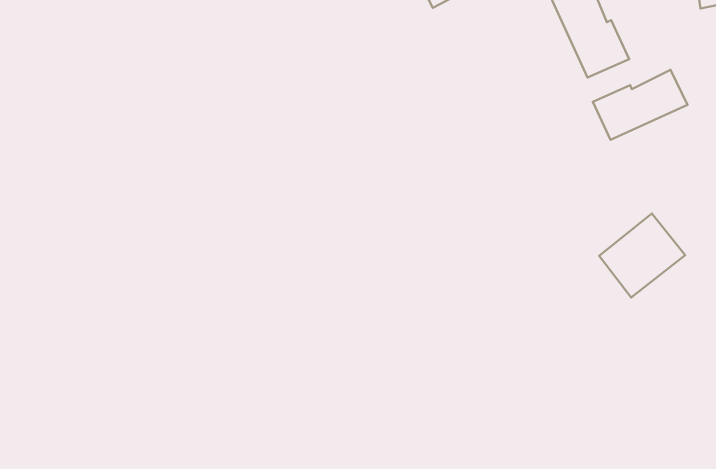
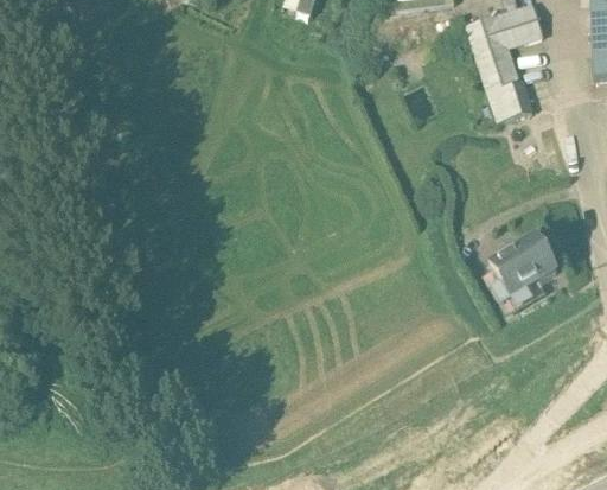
building: [593,70,687,140] -> none

